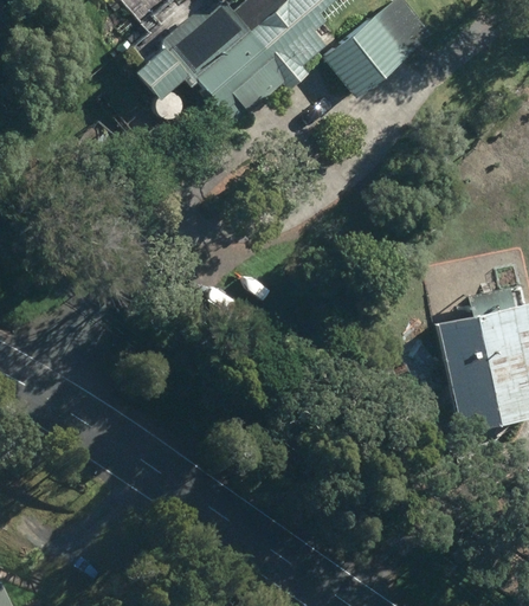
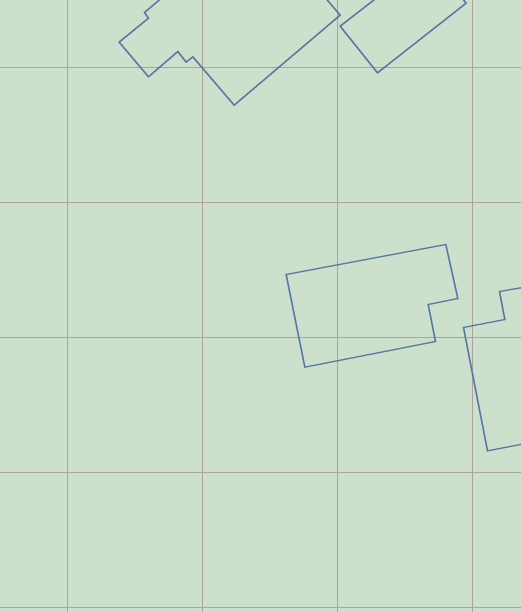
building: none -> [286,244,458,367]

